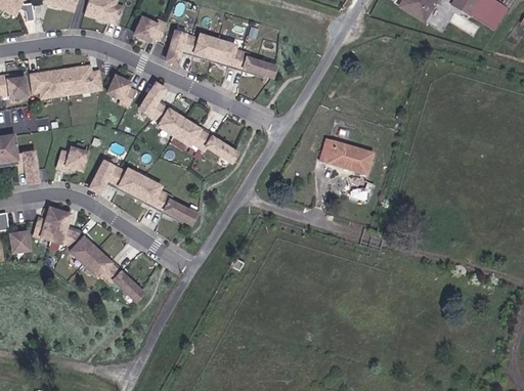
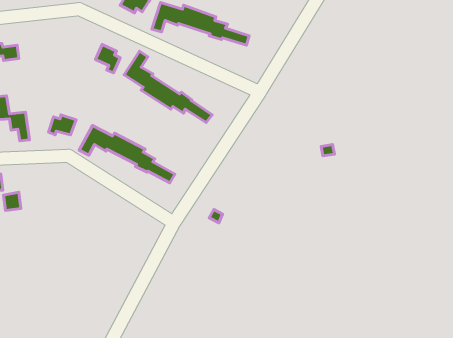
building: [32,64,101,95] -> none
building: [321,135,374,169] -> none
building: [38,208,144,301] -> none

